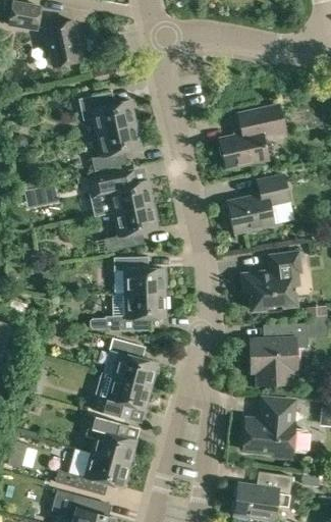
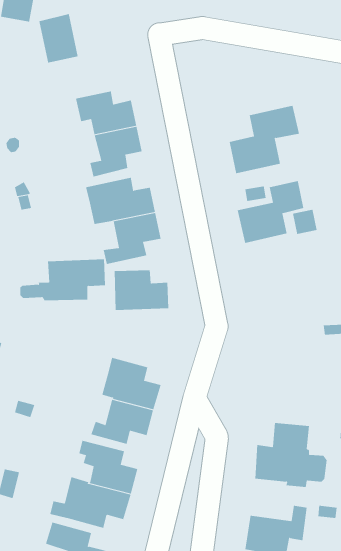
building: [241,251,301,310] -> none
building: [87,293,166,331] -> [20,259,106,301]
building: [251,323,308,385] -> none

